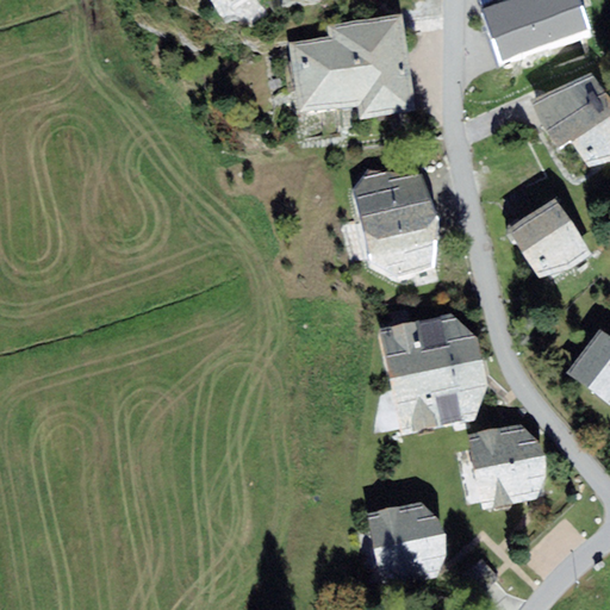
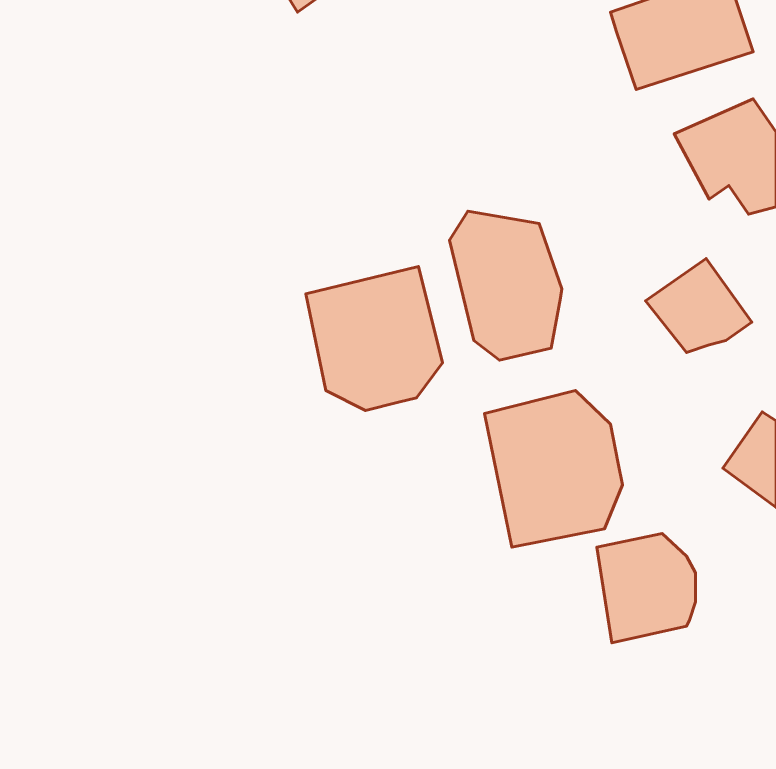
building: [288,17,416,124] -> none
building: none -> [306,267,442,411]
building: [368,496,447,581] -> none

